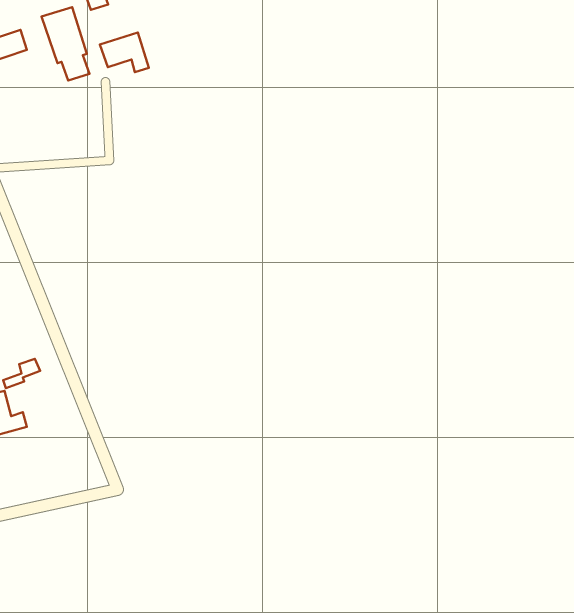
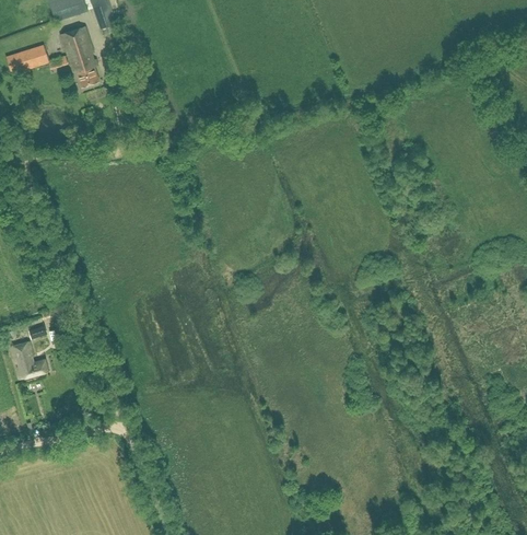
building: [100,33,149,72] -> none

